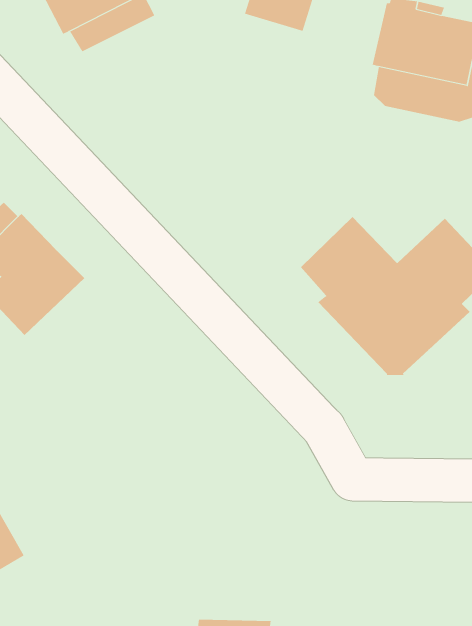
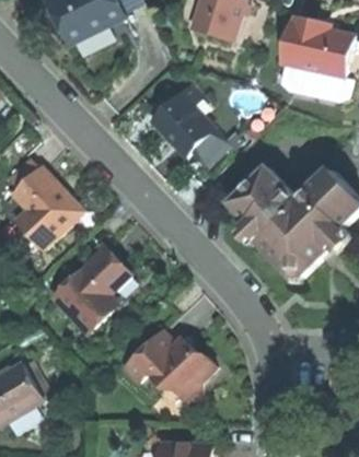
building: none -> [151,83,225,162]
building: none -> [53,247,130,333]
building: none -> [123,330,215,402]

